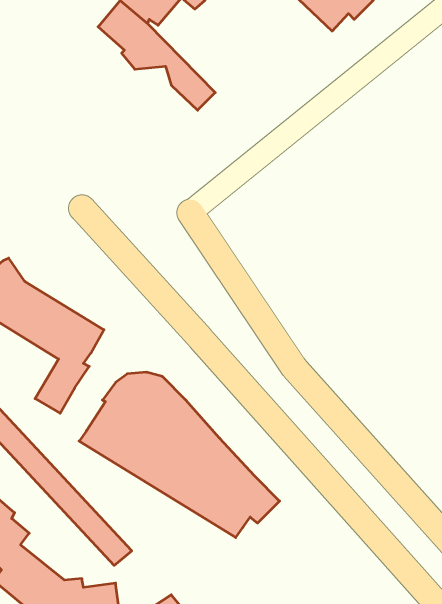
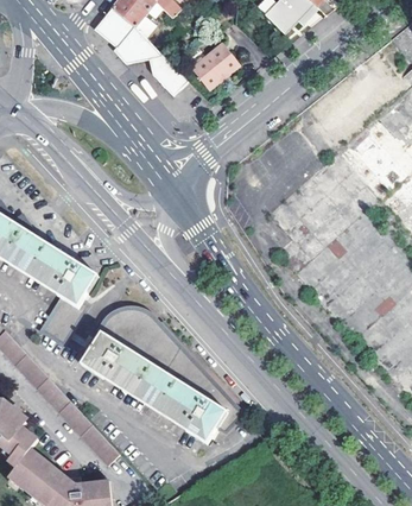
building: none -> [191,42,237,88]

